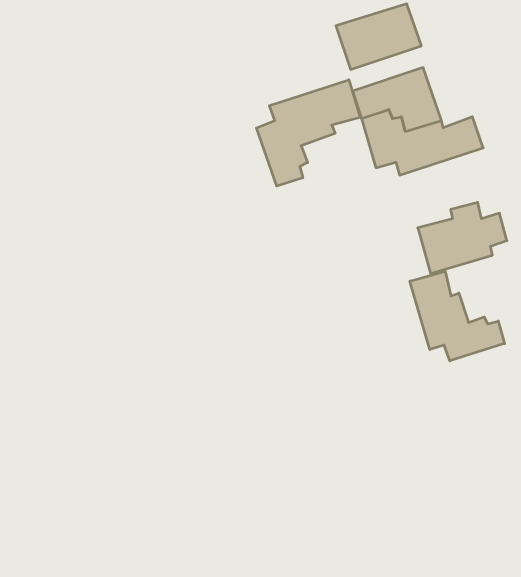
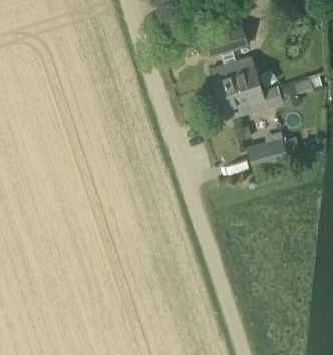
building: [256,80,360,186] -> none
building: [410,271,505,361] -> none

